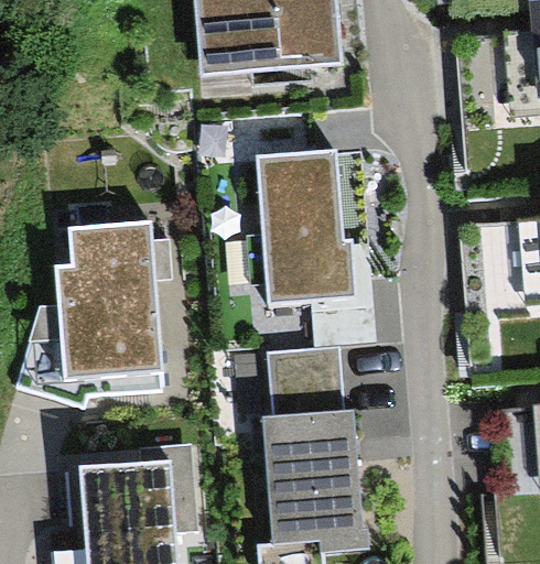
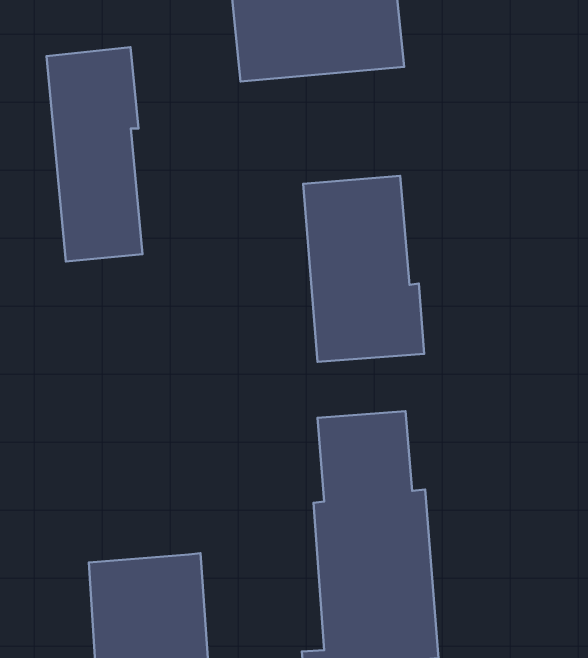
building: none -> [46,47,143,261]
building: [23,221,165,402] -> none

